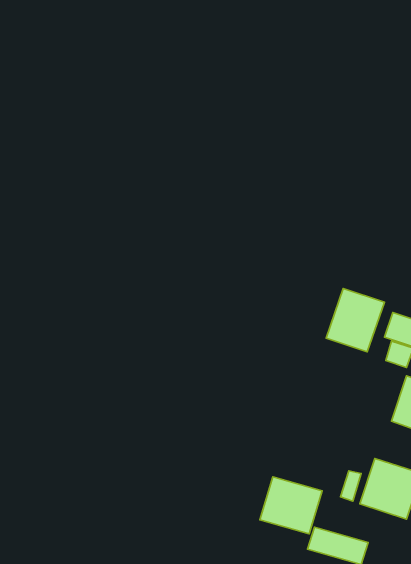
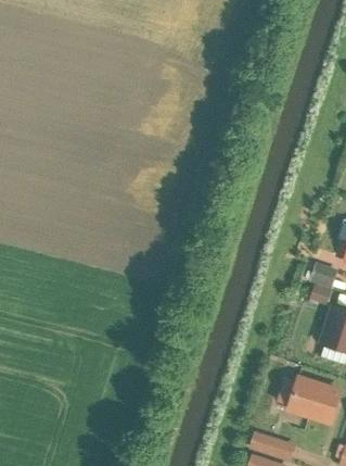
building: [326,289,385,352] -> none
building: [260,477,322,534] -> none

